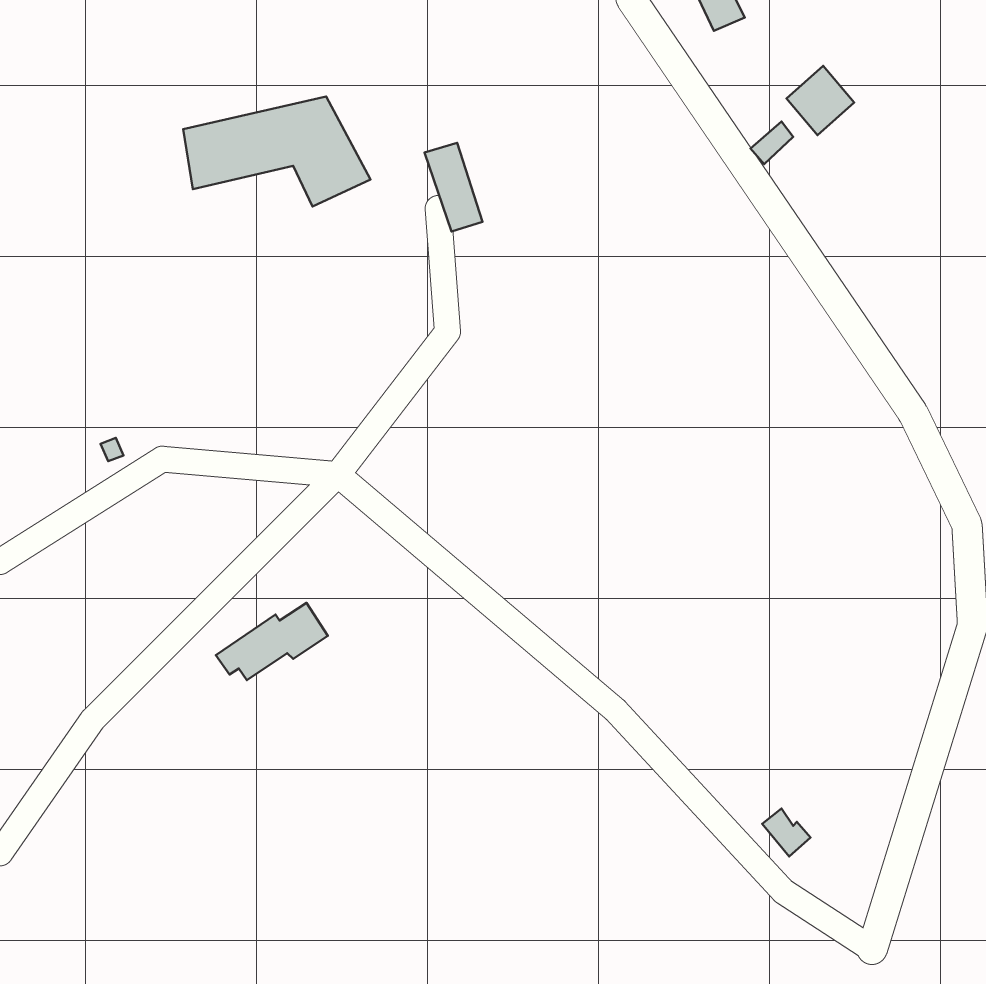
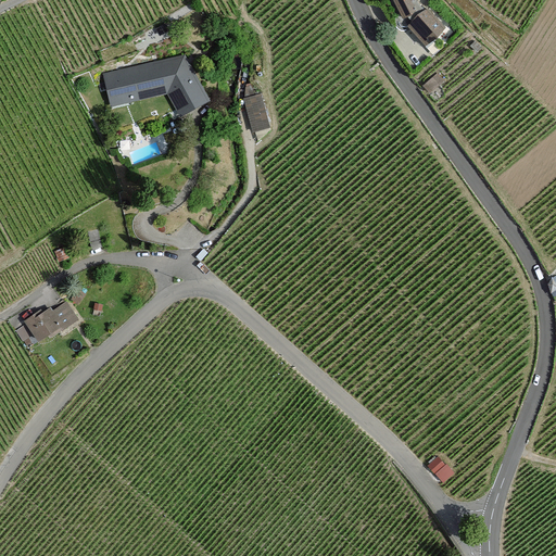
building: [787,66,854,135] -> [407,7,445,46]
building: [216,603,328,680] -> [16,301,79,344]

